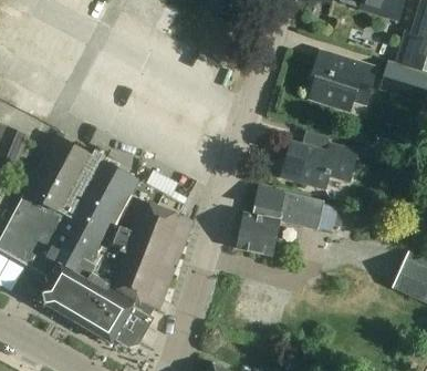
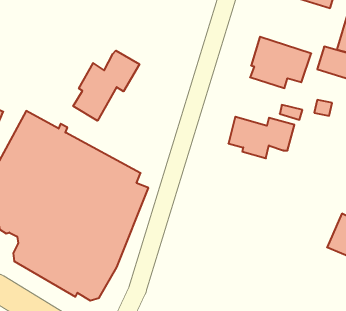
building: none -> [73,51,139,121]
building: [237,190,323,256] -> none

